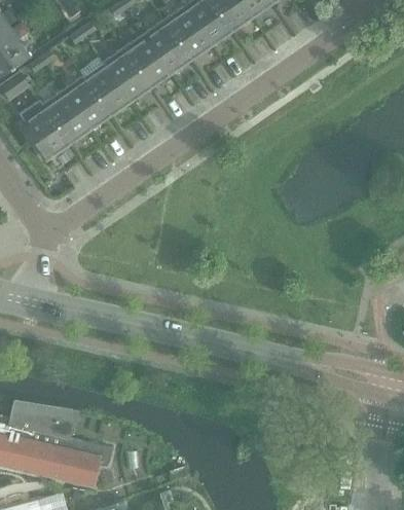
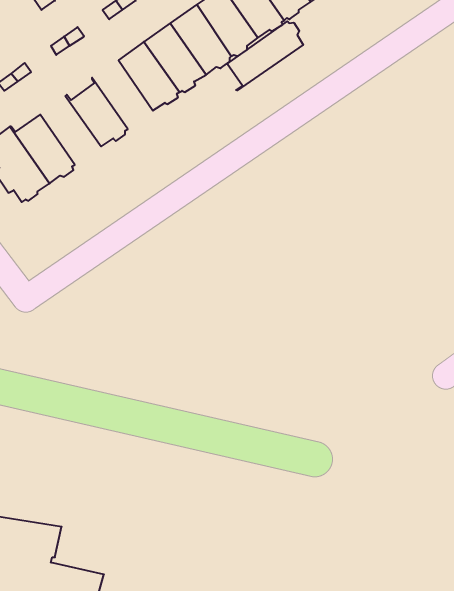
building: none -> [227,21,303,90]
building: [103,48,150,102] -> none
building: [63,76,110,130] -> none

